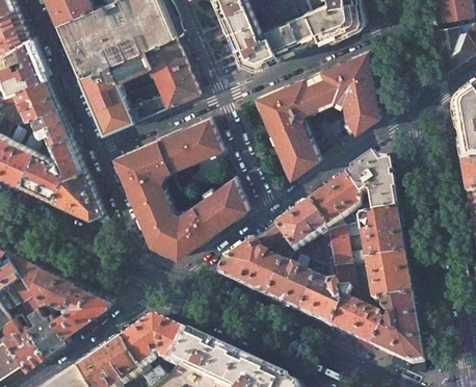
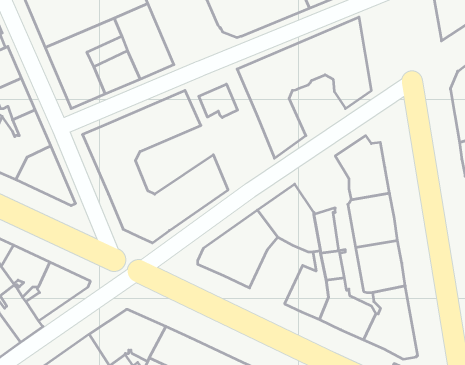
building: none -> [199,84,238,118]
building: [308,177,358,231] -> none
building: [266,252,315,313] -> none

